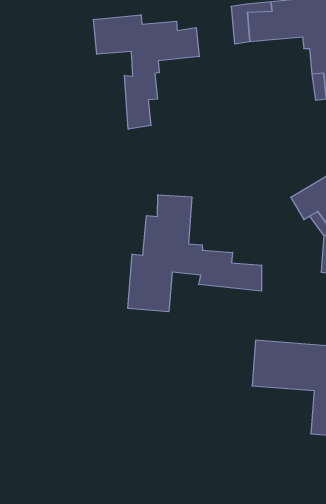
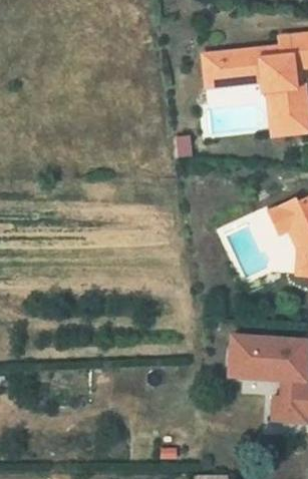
building: [94,15,199,129] -> none
building: [128,195,262,312] -> none

